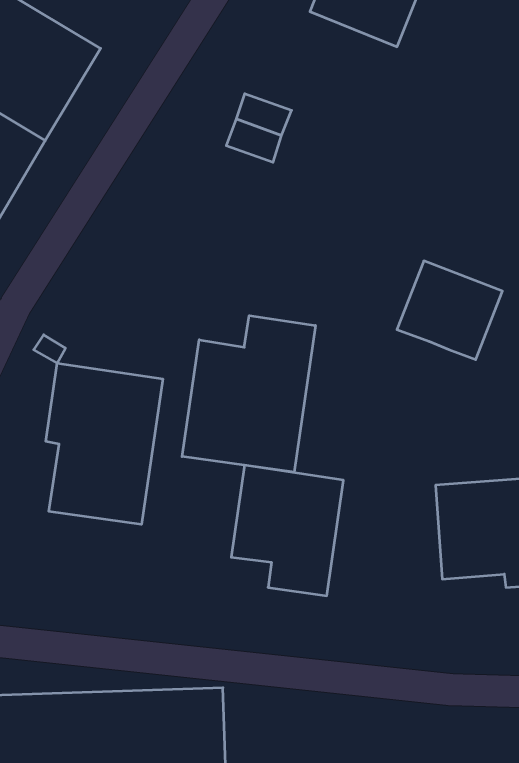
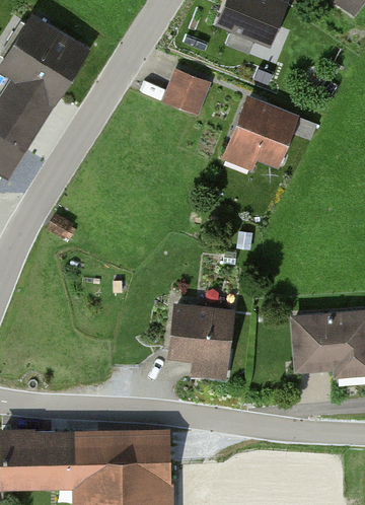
building: [397,261,502,360] -> [230,105,294,165]
building: [182,316,315,472] -> none
building: [46,363,163,524] -> none

